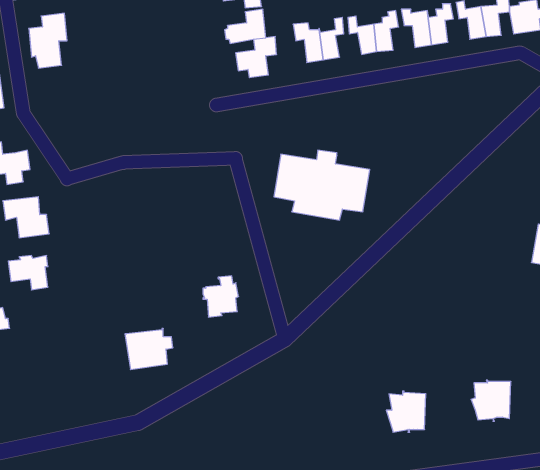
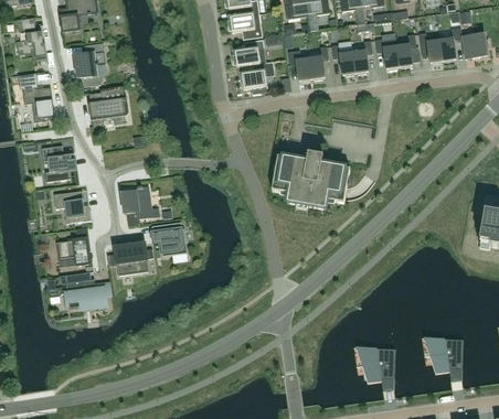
building: none -> [87,87,126,126]
building: none -> [121,185,158,217]
building: [203,276,239,317] -> [157,222,185,255]
building: none -> [60,270,106,307]
building: [125,329,173,370] -> [114,241,152,275]

